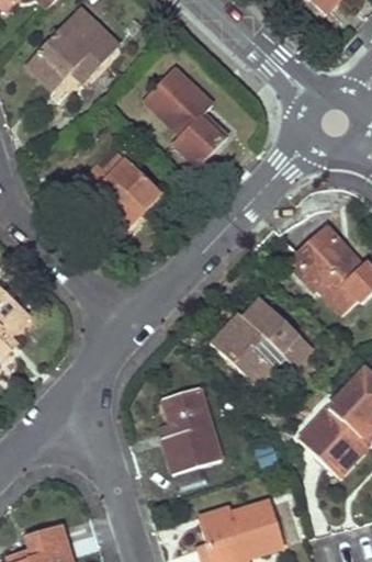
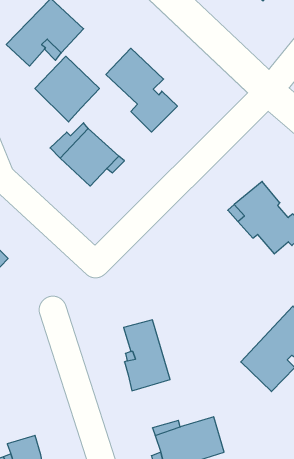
building: none -> [35,56,99,122]
building: [212,299,313,386] -> none

